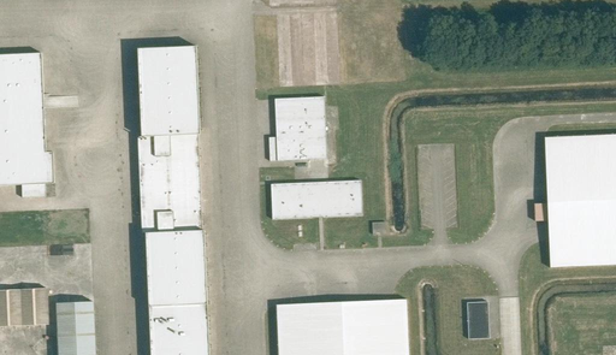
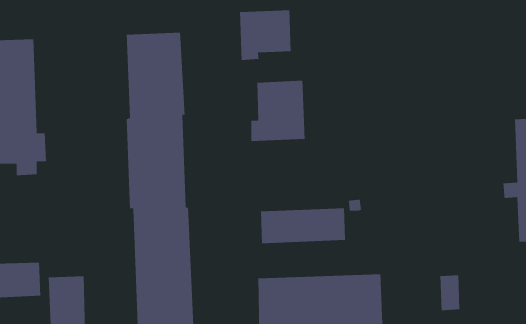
building: none -> [239,10,291,61]
building: [271,181,361,219] -> [260,207,346,244]

